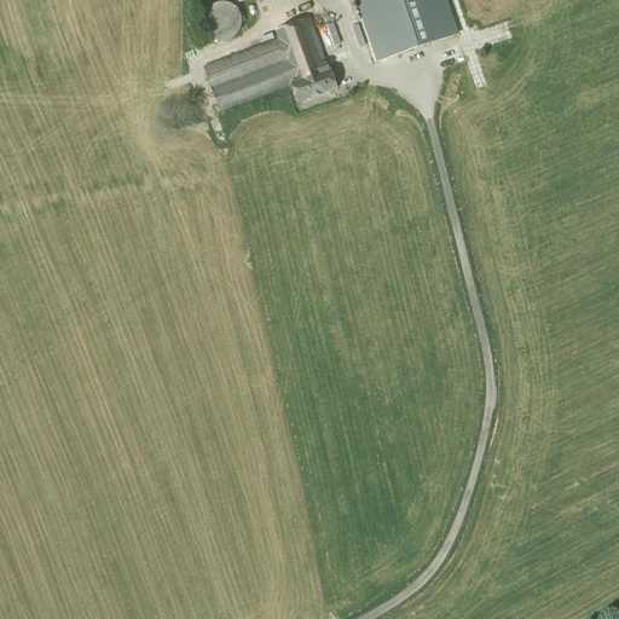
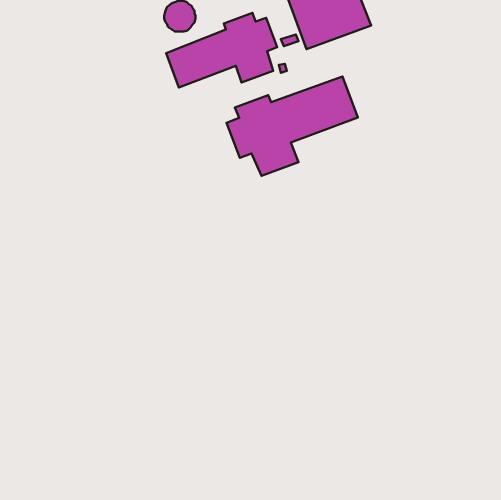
building: none -> [226,77,358,176]

